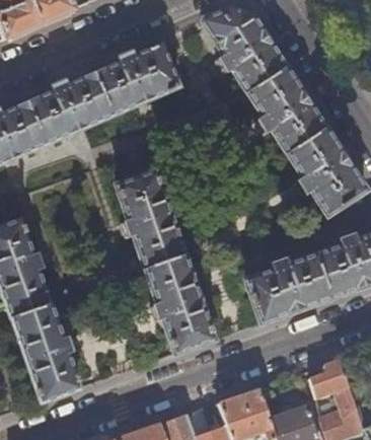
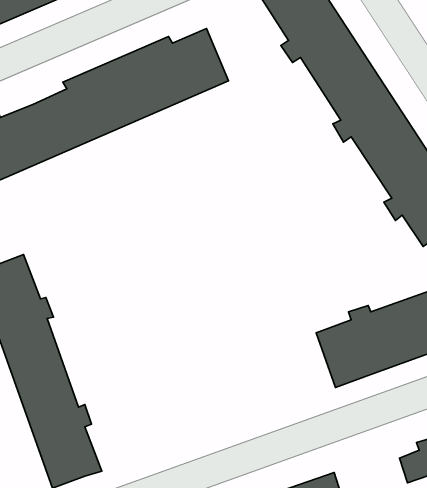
building: [118,172,216,354] -> none

